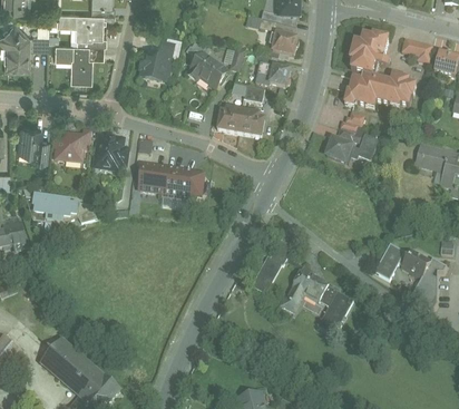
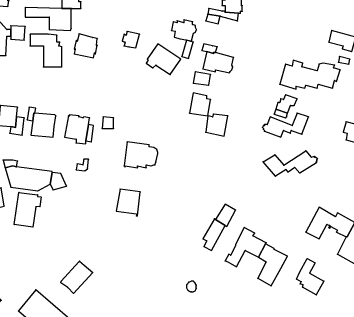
building: [268,30,297,55] -> [171,20,196,41]
building: [349,35,387,75] -> none
building: [141,50,168,78] -> [74,34,97,58]
building: [217,107,243,133] -> [206,114,228,136]
building: [138,163,166,194] -> [116,189,140,216]
building: none -> [263,151,317,176]
building: none -> [14,192,41,227]
building: none -> [297,259,324,295]
building: none -> [61,261,93,293]

